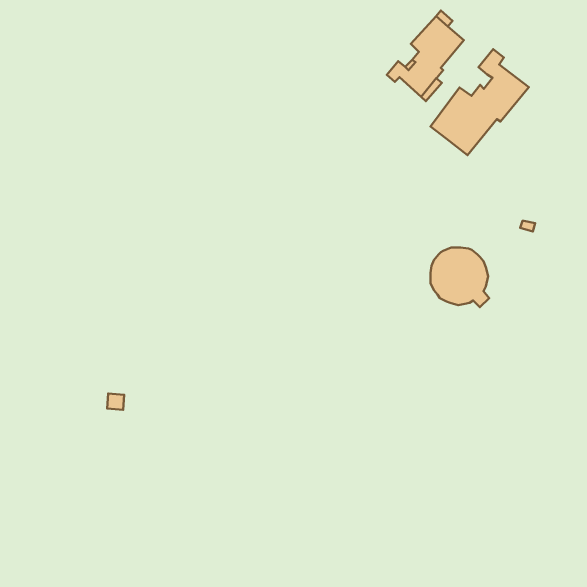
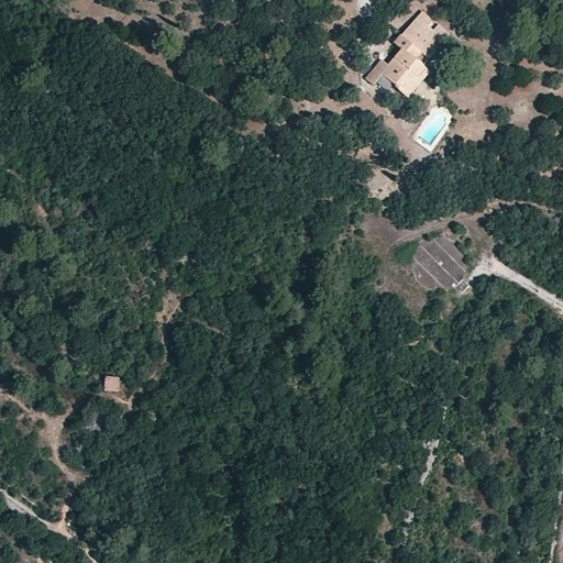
building: [431,49,529,155] -> none

